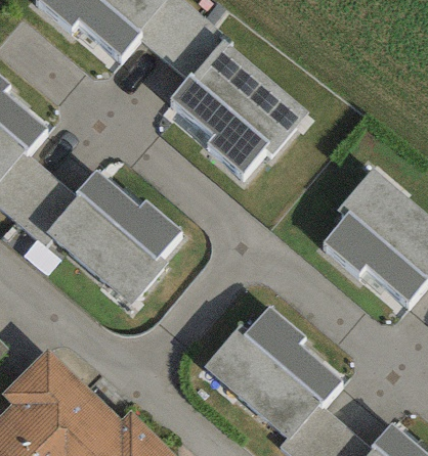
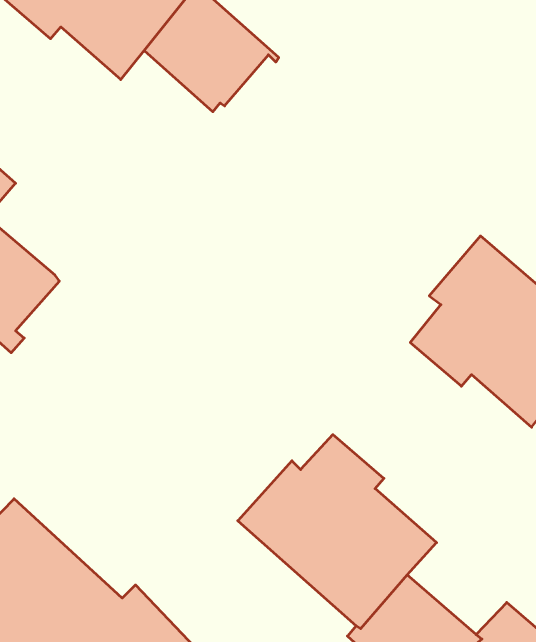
building: [168,40,308,175] -> none
building: [46,172,180,306] -> none

